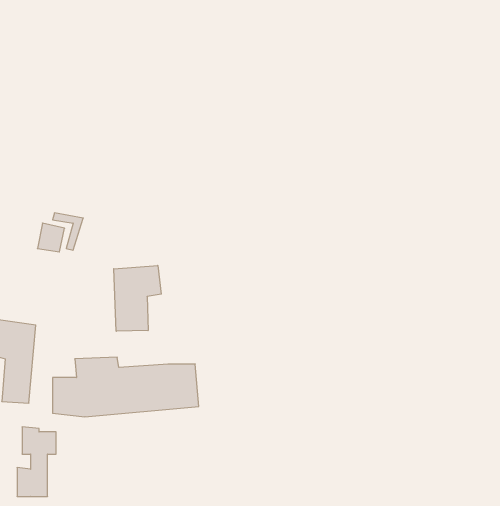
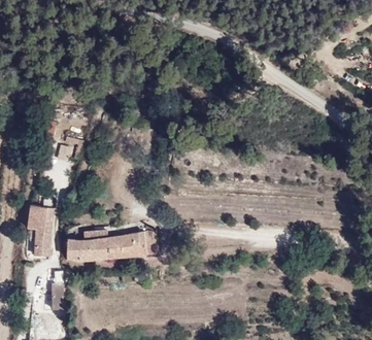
building: [114,265,161,331] -> none

